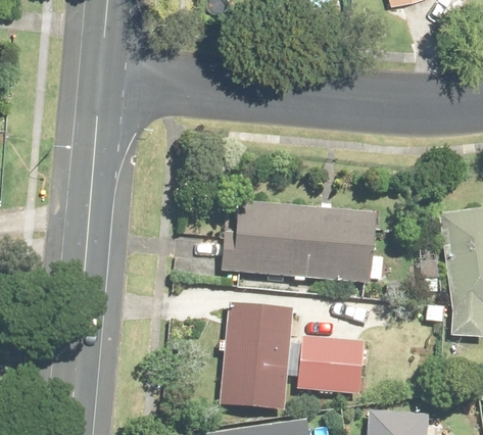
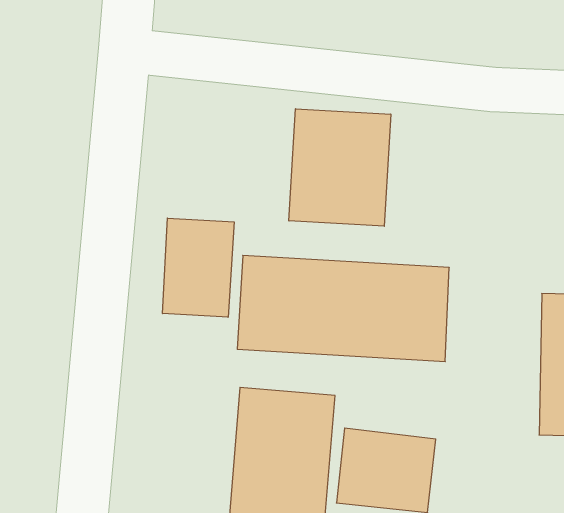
building: none -> [289,109,391,226]
building: none -> [163,218,234,317]

